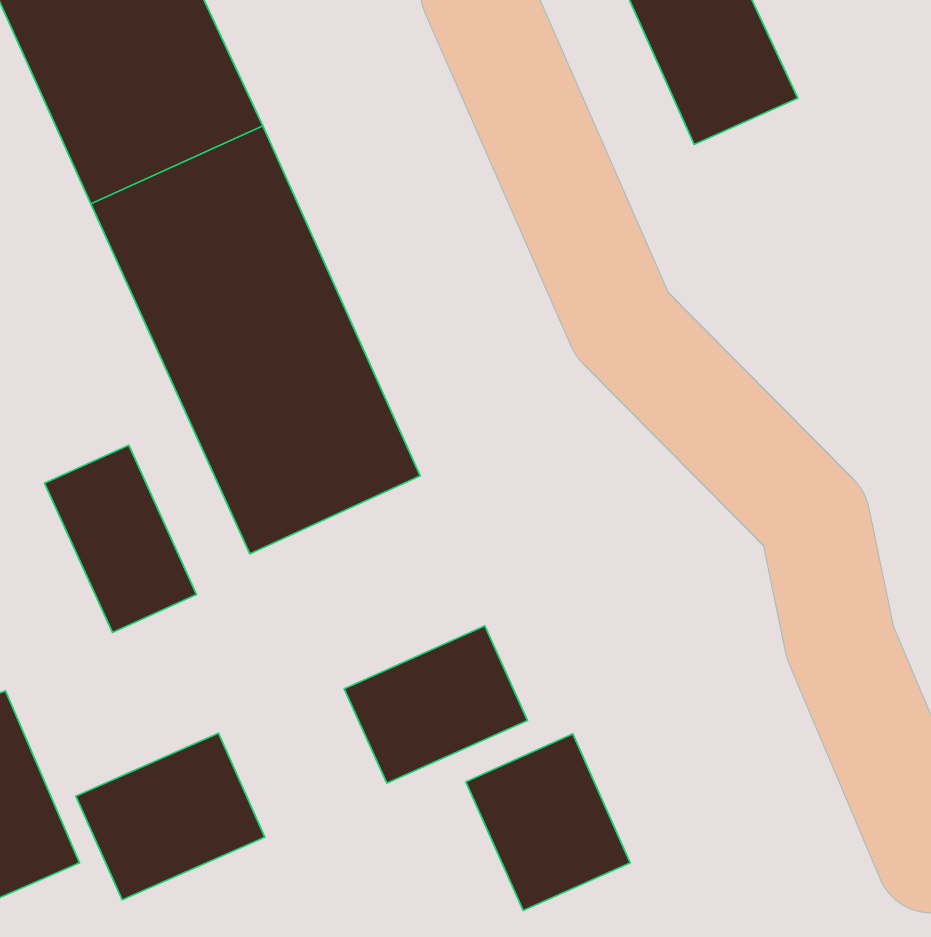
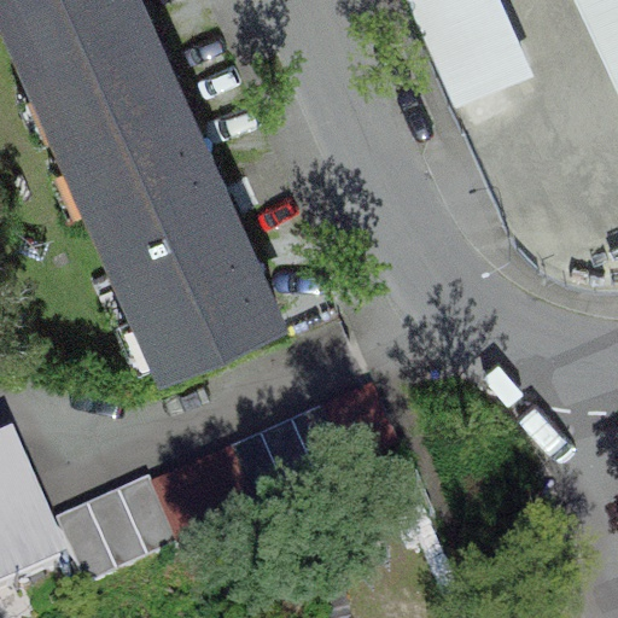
building: [44,445,197,632] -> none
building: [466,734,630,911] -> none

